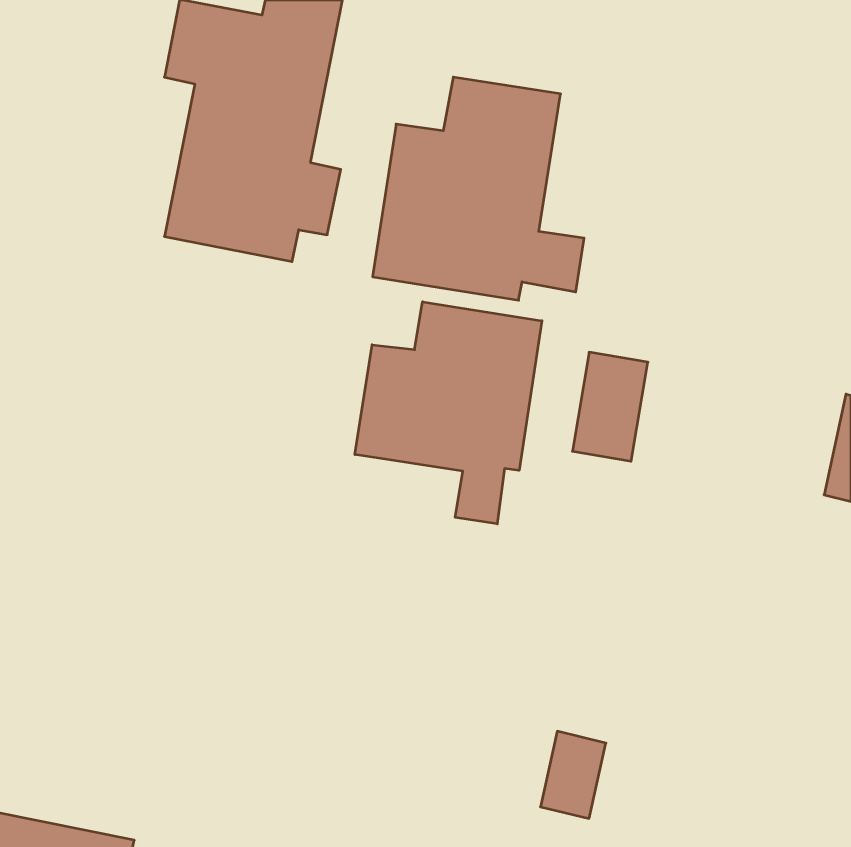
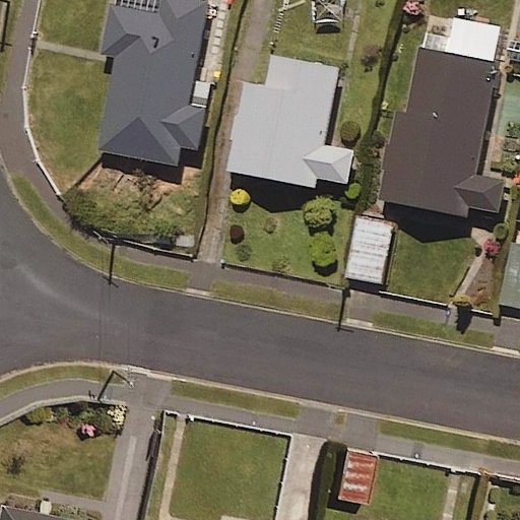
building: none -> [381,14,505,216]
building: [355,302,542,524] -> none

